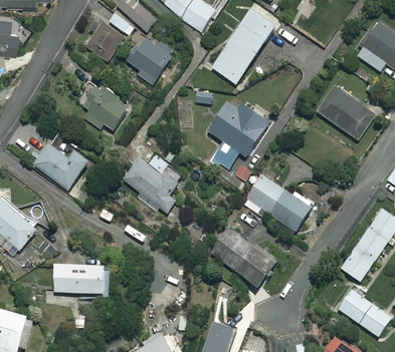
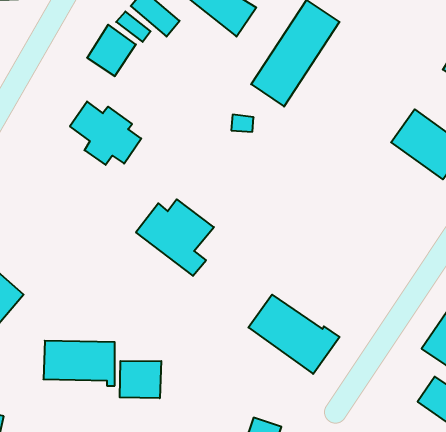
building: [128,37,175,84] -> none
building: [208,100,268,168] -> none
building: [34,143,89,190] -> none
building: [243,174,314,230] -> none
building: none -> [120,361,161,398]

